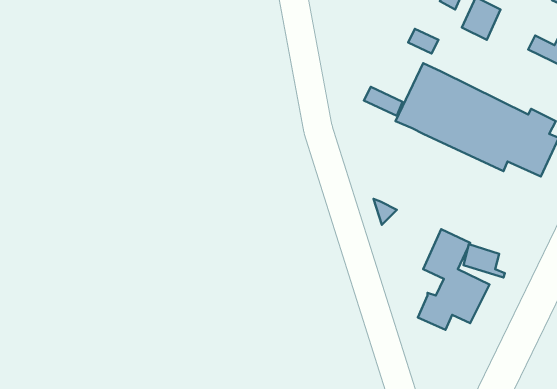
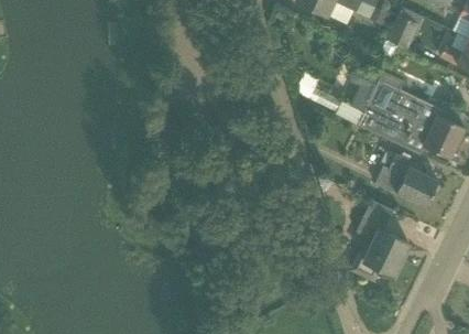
building: none -> [374,154,439,208]

